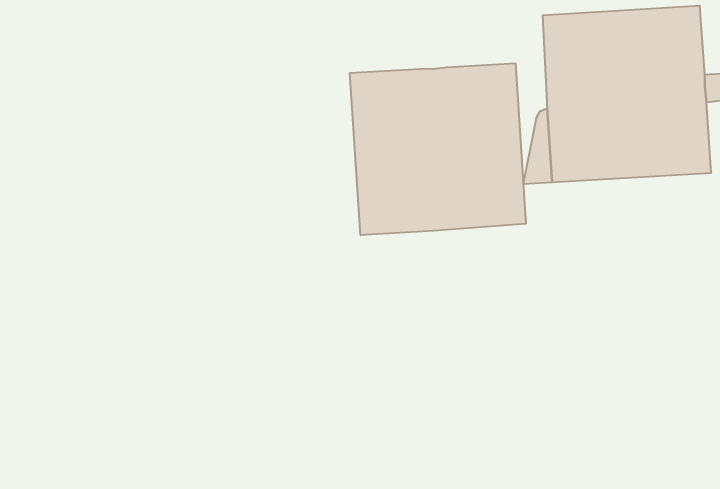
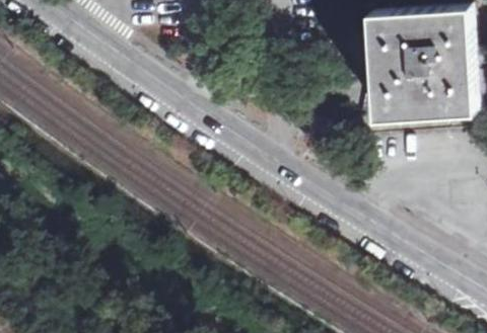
building: [350,63,526,235] -> none

